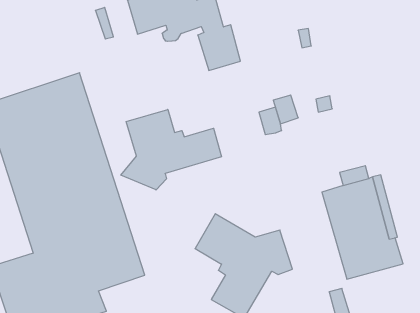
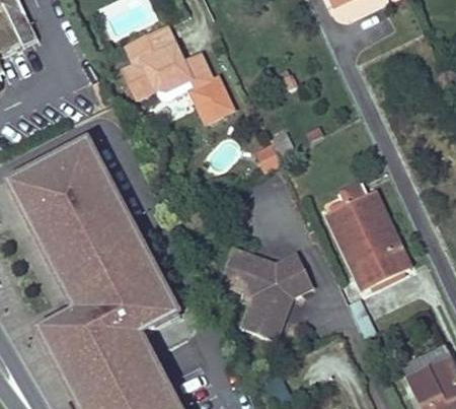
building: [121,109,222,190] -> none

